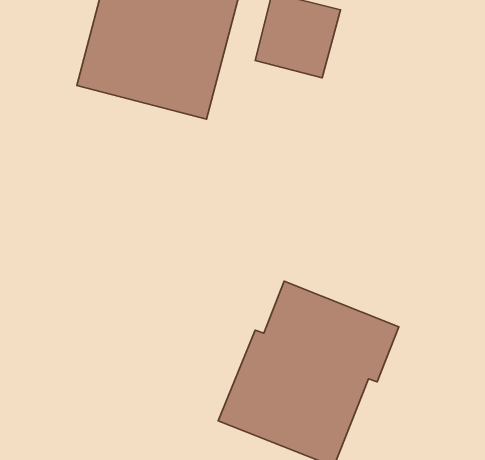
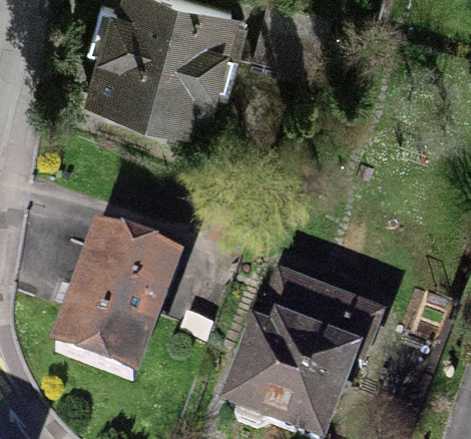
building: none -> [49,220,181,376]

